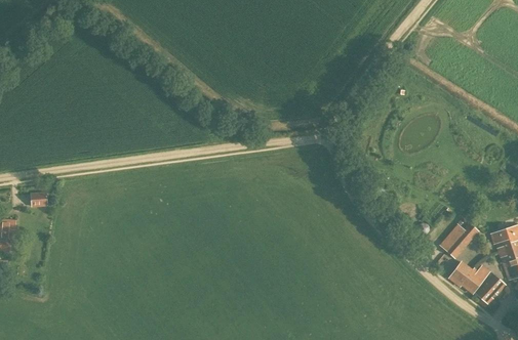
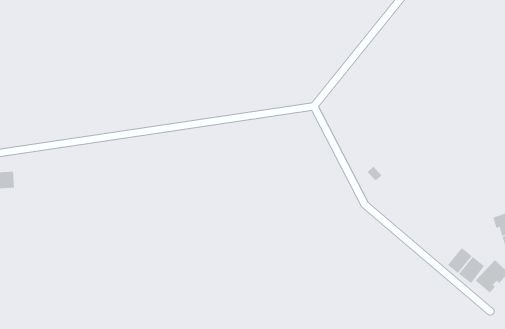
building: [440,222,480,258] -> none

